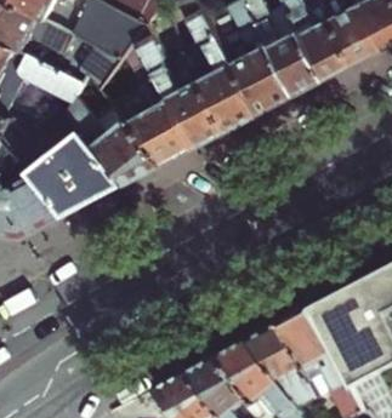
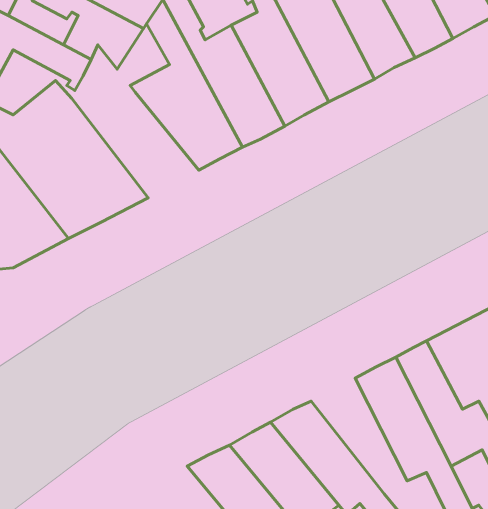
building: [69,95,164,185] -> none
building: [248,320,319,406] -> none

